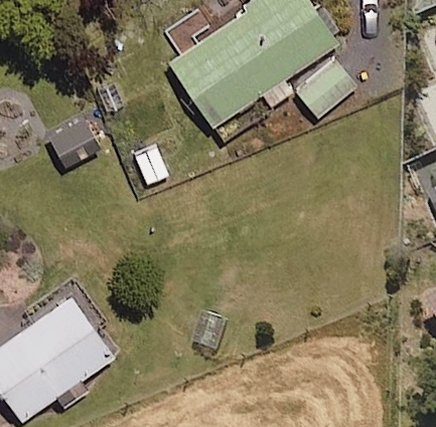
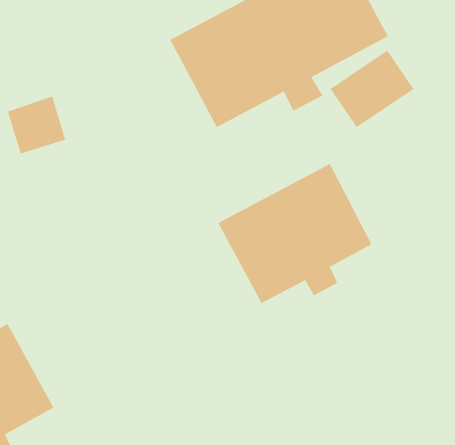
building: none -> [217,163,373,304]

